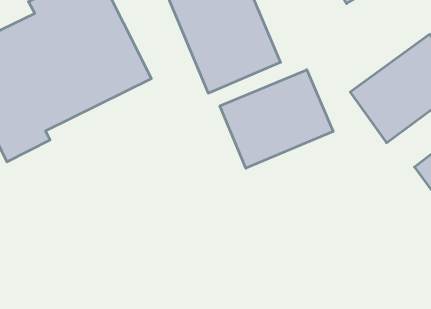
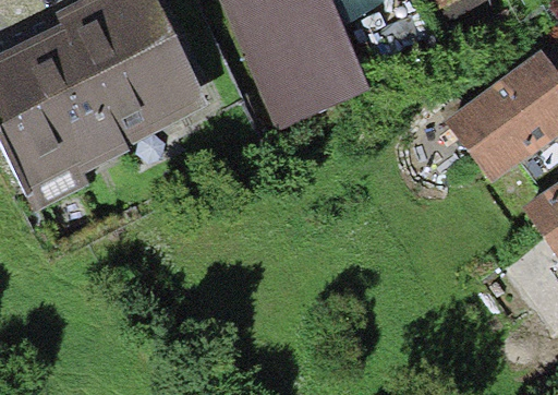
building: [220,70,333,168] -> none

